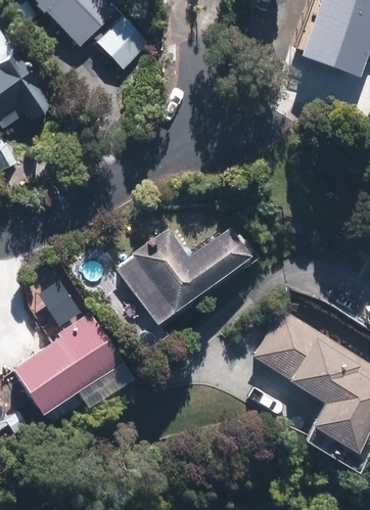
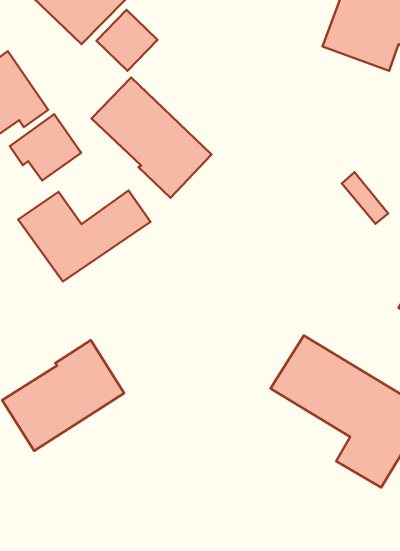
building: none -> [92,77,211,198]
building: none -> [10,114,81,180]
building: [132,228,249,309] -> [18,191,151,282]

